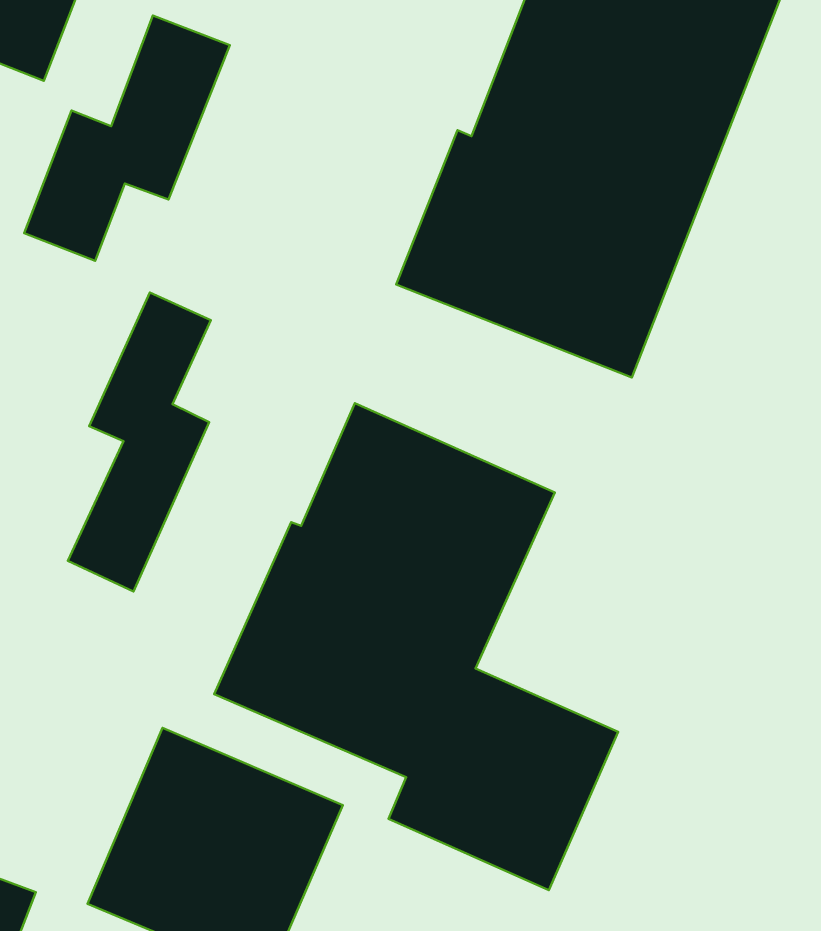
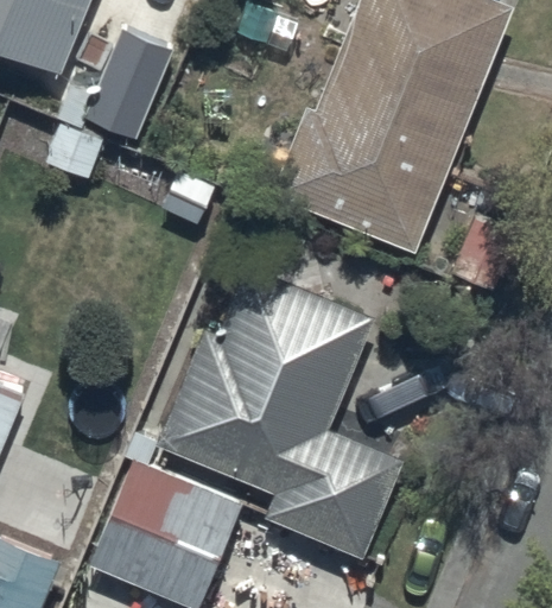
building: [68,292,211,591] -> none

